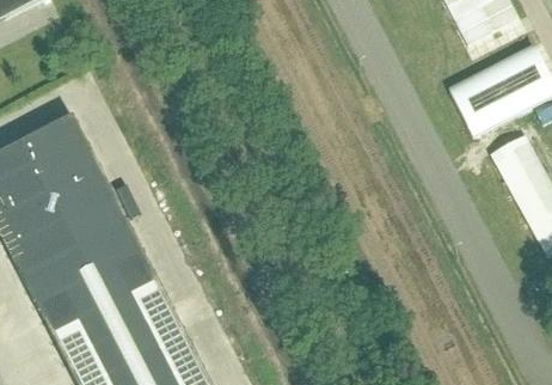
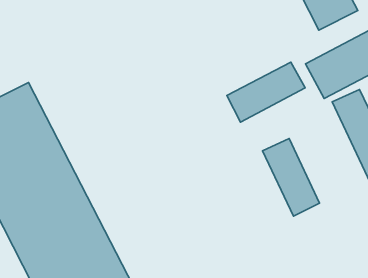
building: none -> [227,62,305,122]
building: none -> [263,138,319,216]

